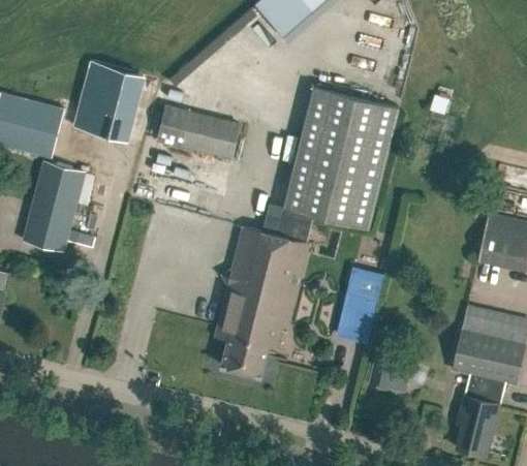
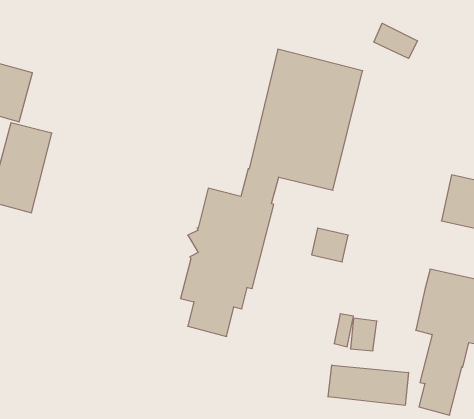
building: none -> [374,23,418,58]
building: [74,61,144,139] -> none
building: [155,104,240,159] -> none
building: none -> [328,365,408,405]

